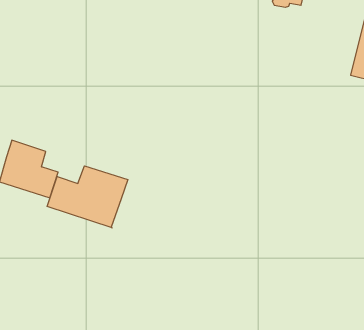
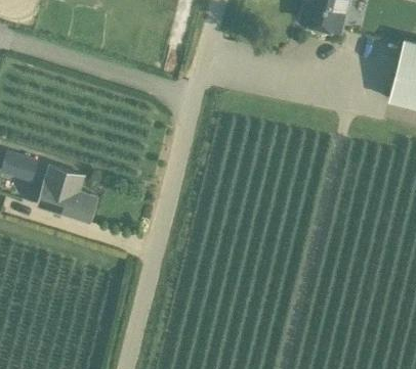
building: [47,166,128,228] -> none

